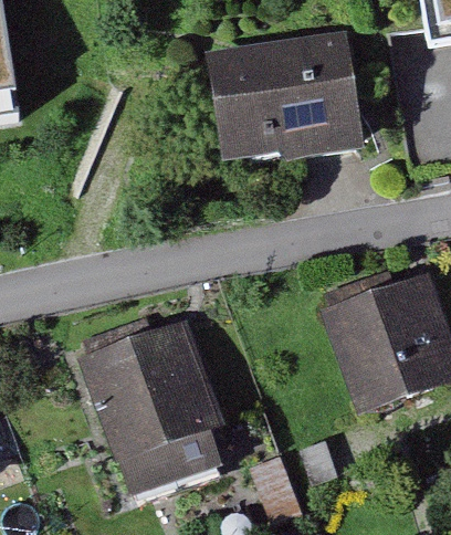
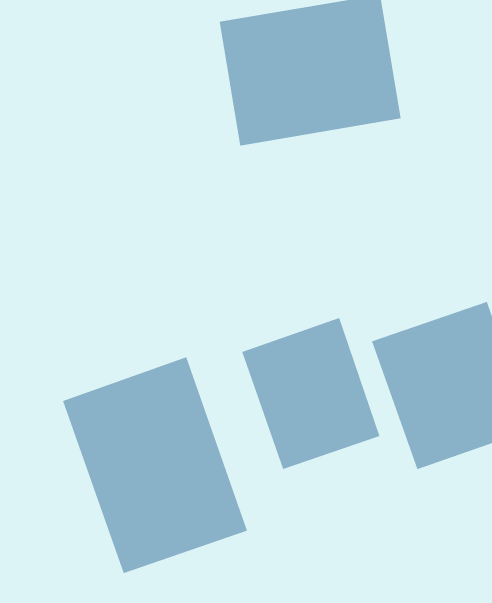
building: none -> [241,317,380,470]

